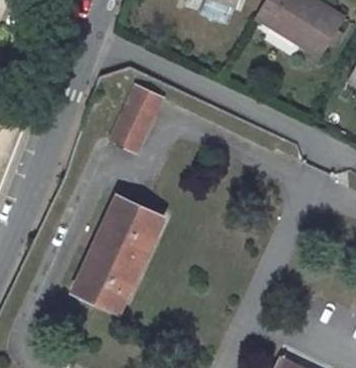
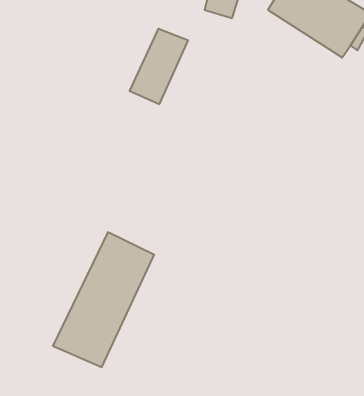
building: [114,86,163,150] -> [130,29,188,104]

